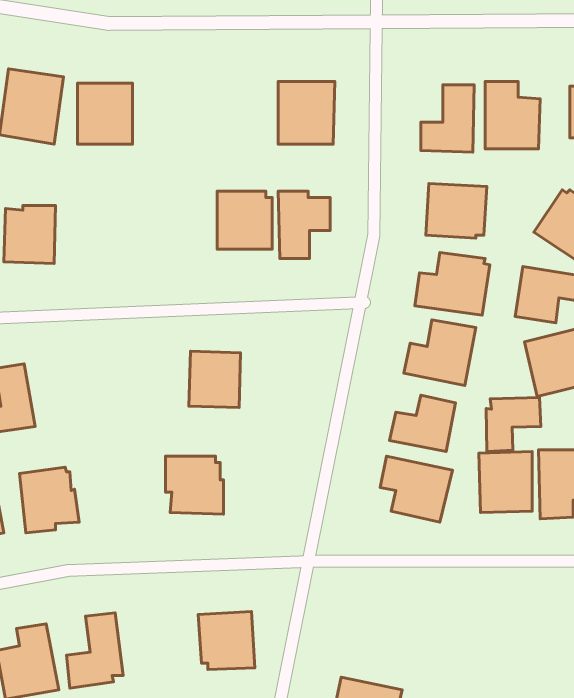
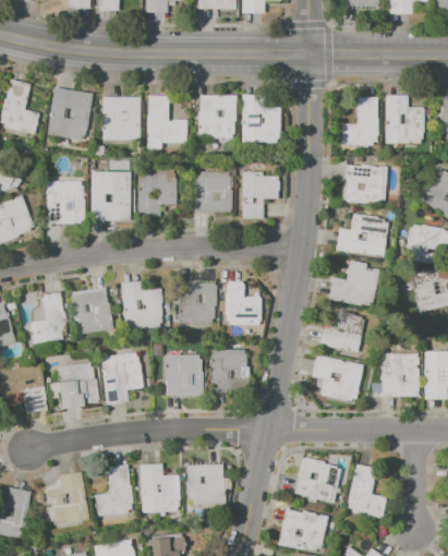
building: none -> [146,95,182,145]
building: none -> [197,97,235,136]
building: none -> [142,168,179,217]
building: none -> [94,173,131,221]
building: none -> [125,280,169,328]
building: none -> [223,282,259,323]
building: none -> [73,290,114,334]
building: [486,397,541,452] -> none
building: none -> [104,353,142,403]
building: none -> [211,353,246,389]
building: none -> [293,458,340,501]
building: none -> [140,463,179,511]
building: none -> [347,464,386,516]

